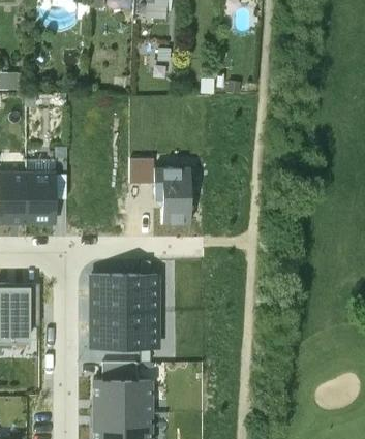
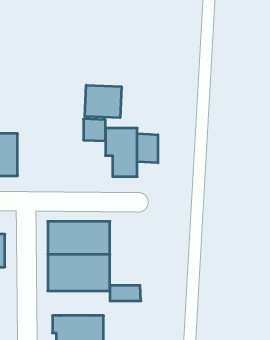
building: none -> [85,85,121,118]
building: none -> [137,134,158,163]
building: [102,363,138,380] -> [110,285,141,301]

